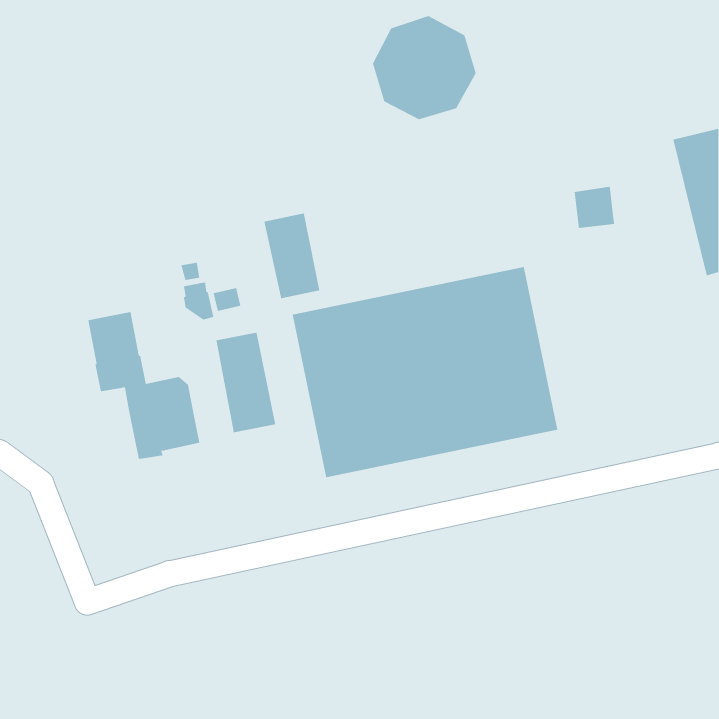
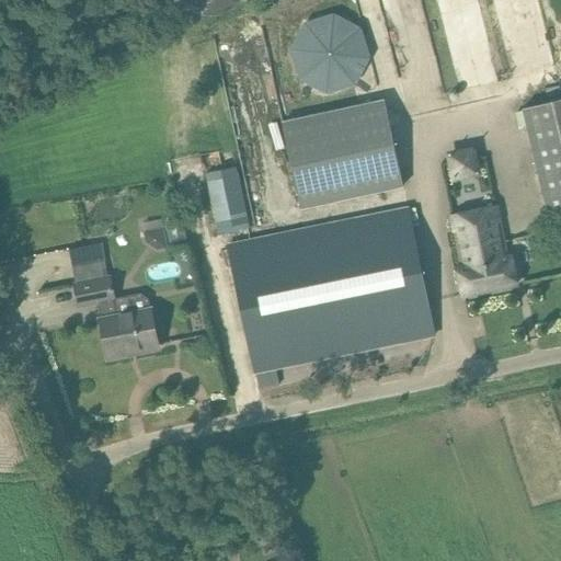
building: none -> [282,99,403,207]
building: none -> [450,205,516,295]
building: [216,332,276,433] -> none

